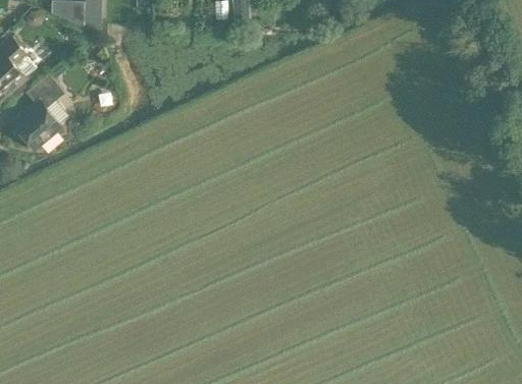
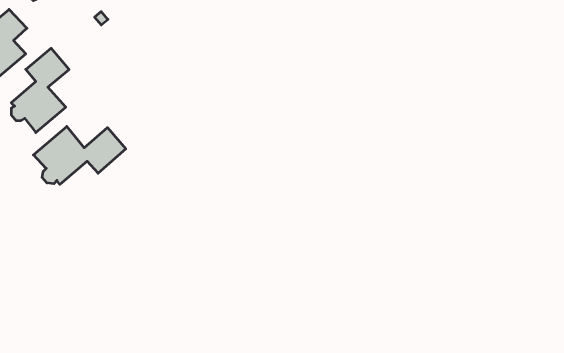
building: none -> [33,126,126,184]

